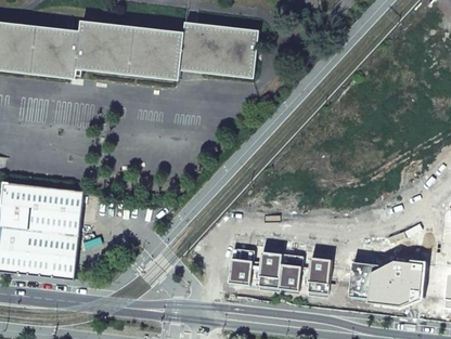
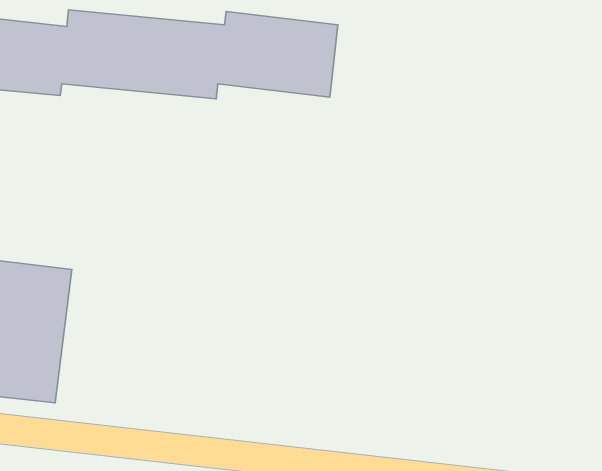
building: [228,248,332,296] -> none
building: [348,257,426,308] -> none

